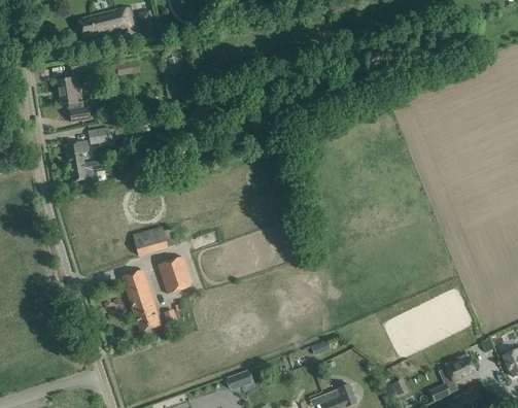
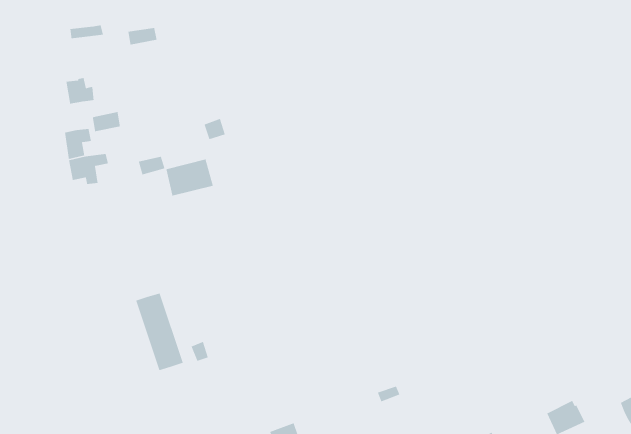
building: [57,77,77,104] -> none
building: [135,225,173,254] -> [165,158,214,197]
building: [158,257,191,293] -> none

